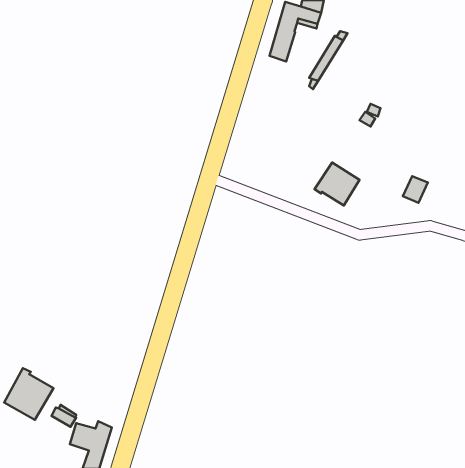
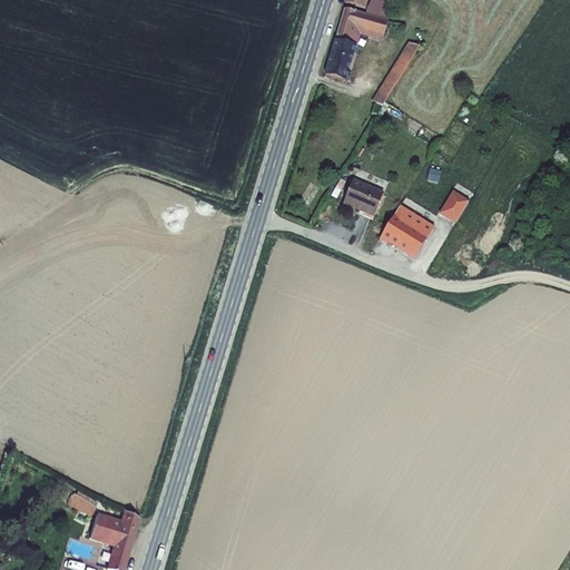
building: none -> [343,183,381,217]
building: [403,176,428,203] -> [435,191,465,224]
building: [4,368,54,420] -> none

